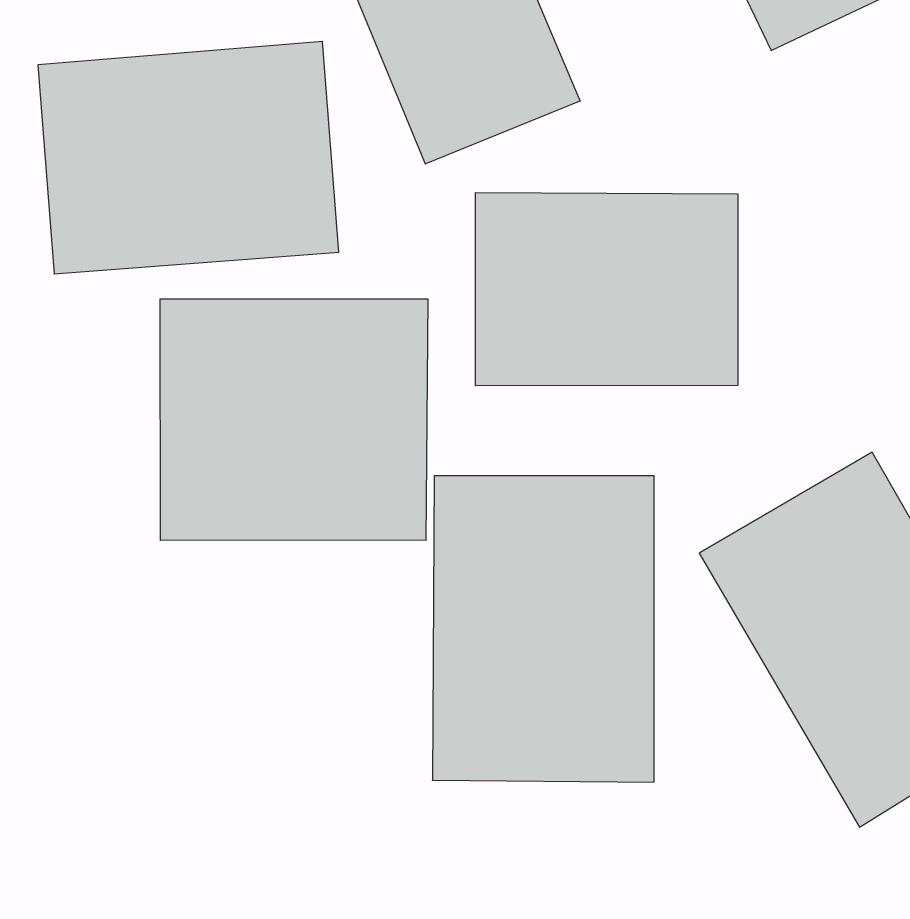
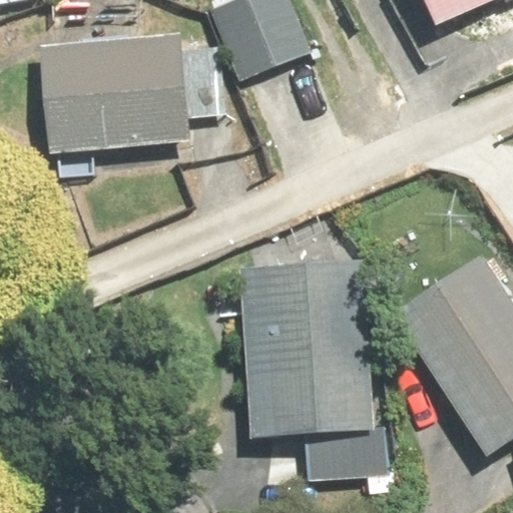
building: [476,193,738,386] -> none
building: [160,299,428,540] -> none

